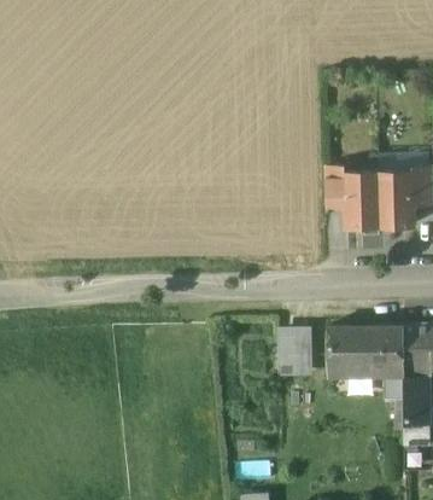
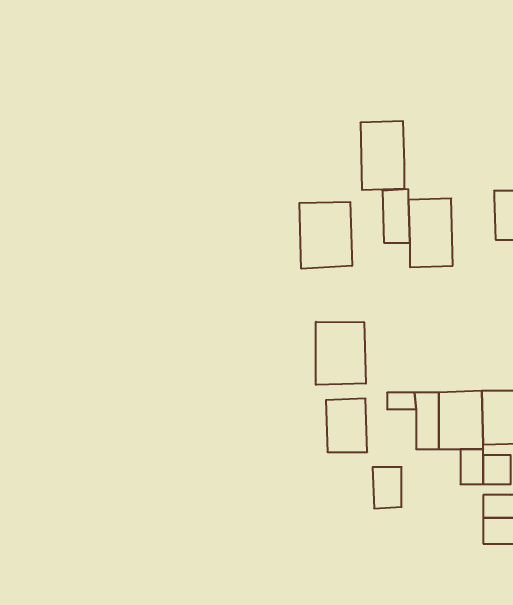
building: [378,171,412,226] -> [360,121,405,190]
building: none -> [299,202,352,269]
building: none -> [316,322,366,385]
building: [327,339,350,372] -> [373,467,402,508]

